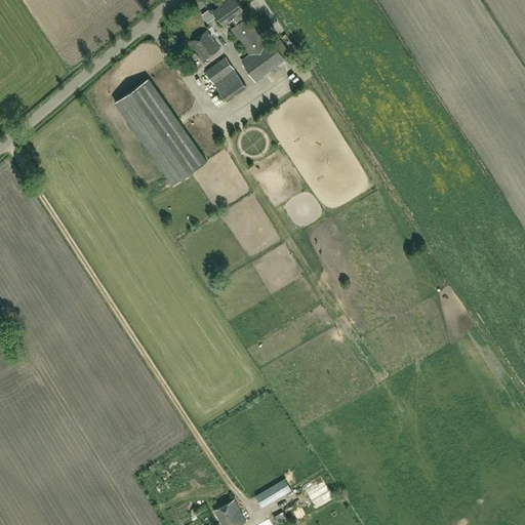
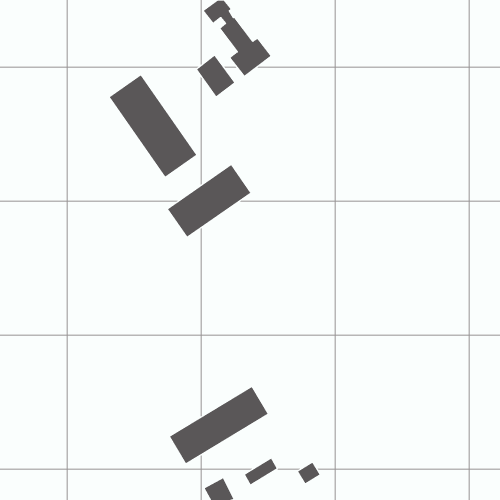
building: [191,32,219,62] -> none
building: none -> [167,164,251,237]
building: none -> [169,386,269,464]

